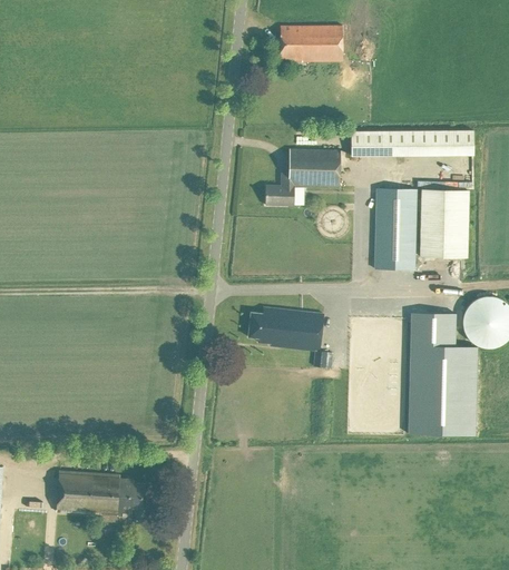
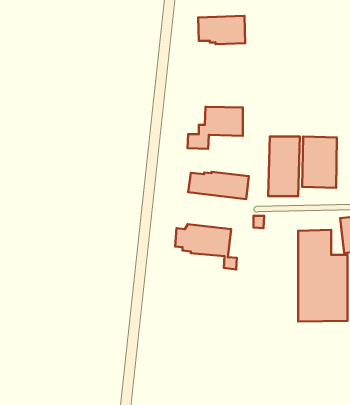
building: [349,129,472,156] -> none
building: none -> [188,172,249,199]
building: [57,471,148,522] -> none

